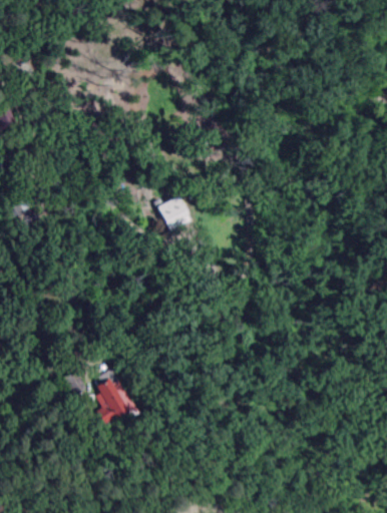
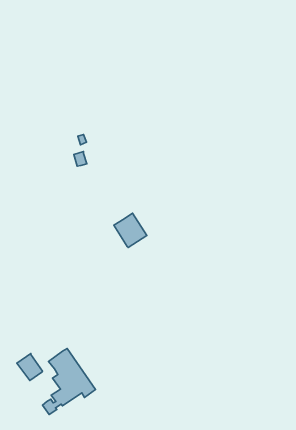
building: [161,196,193,230] -> [114,213,147,247]

